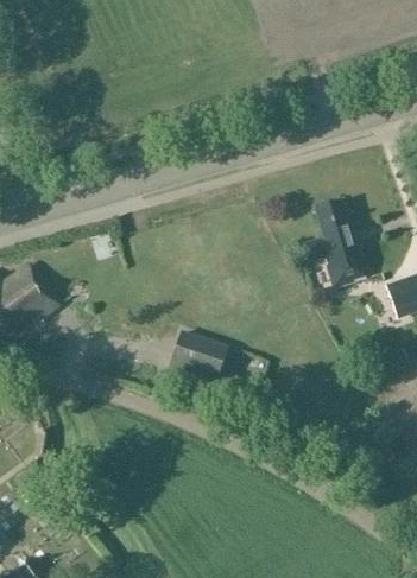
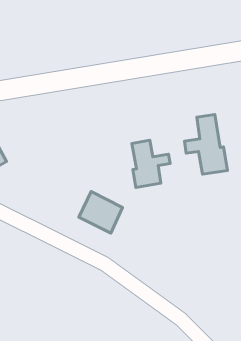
building: none -> [132,140,170,188]

